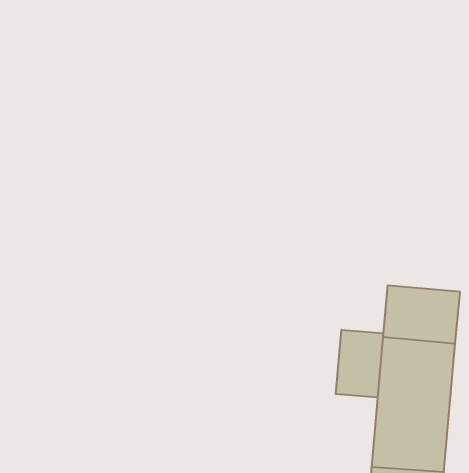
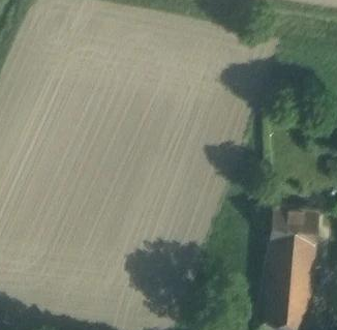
building: [336,330,383,397] -> none

